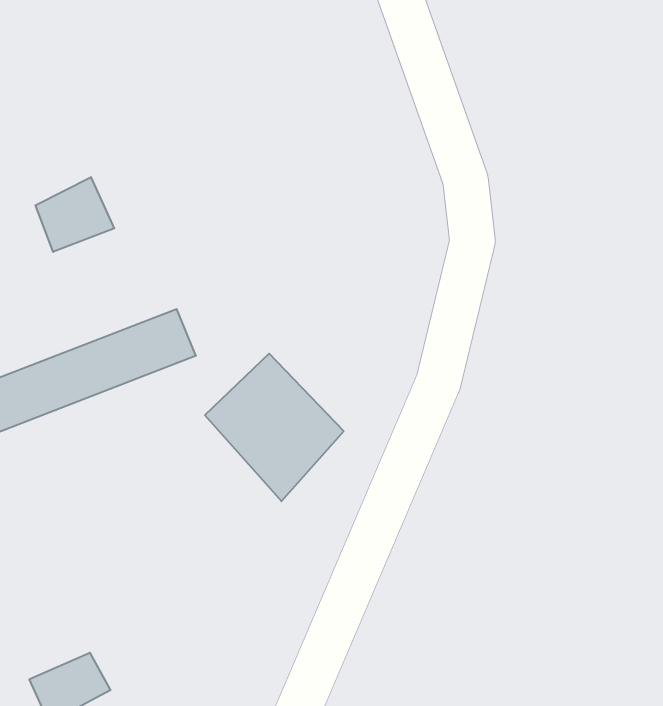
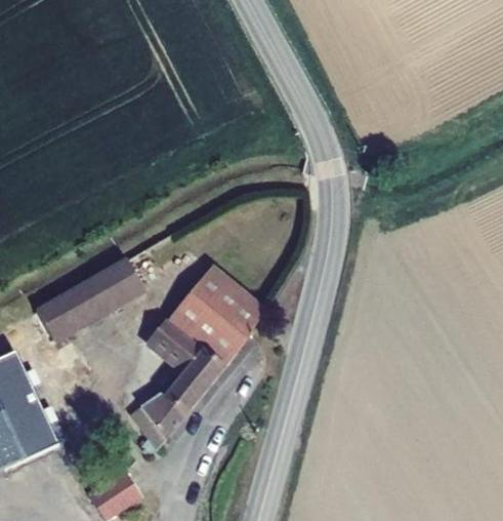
building: [36,177,114,252] -> none
building: none -> [134,312,233,457]

